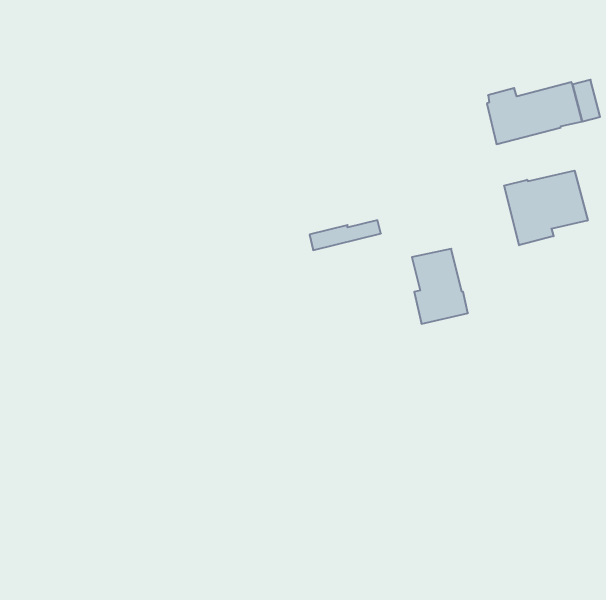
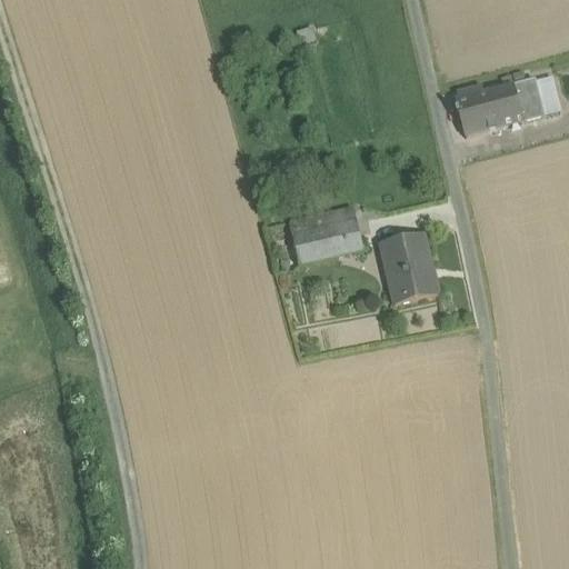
building: [504,171,588,245] -> none
building: none -> [292,218,362,262]

